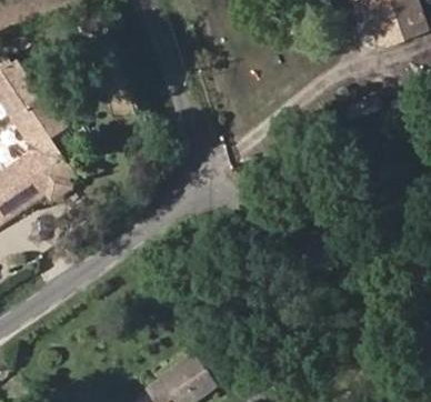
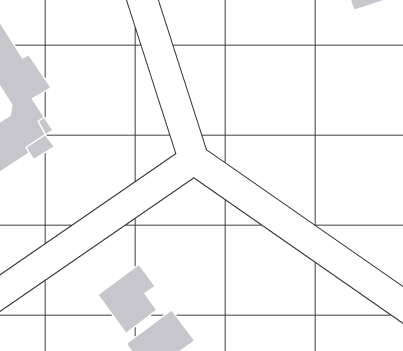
building: none -> [98,264,157,334]

